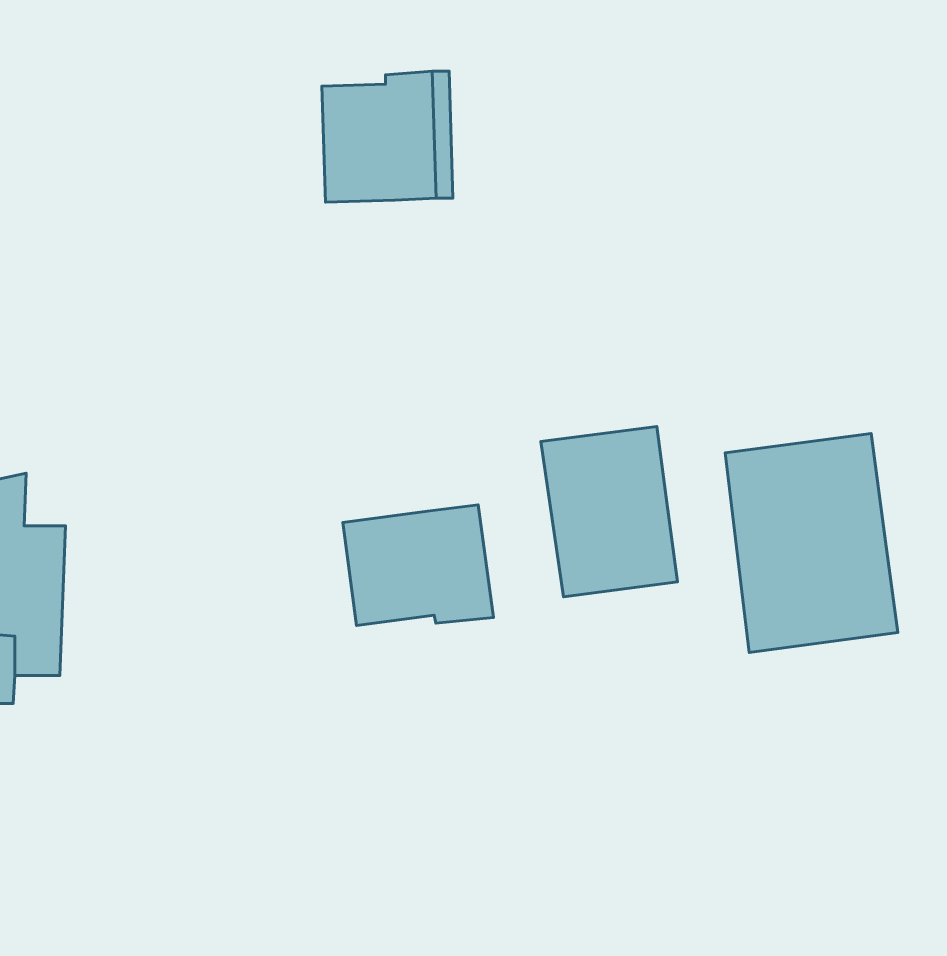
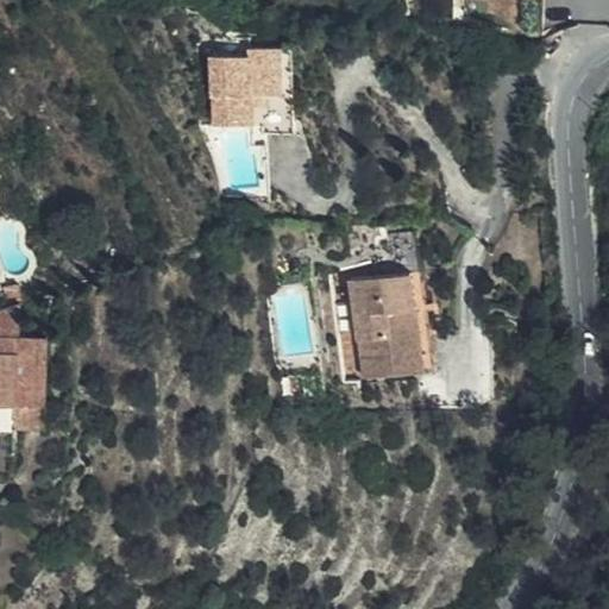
building: [725,433,898,653] -> none
building: [343,505,493,625] -> none

